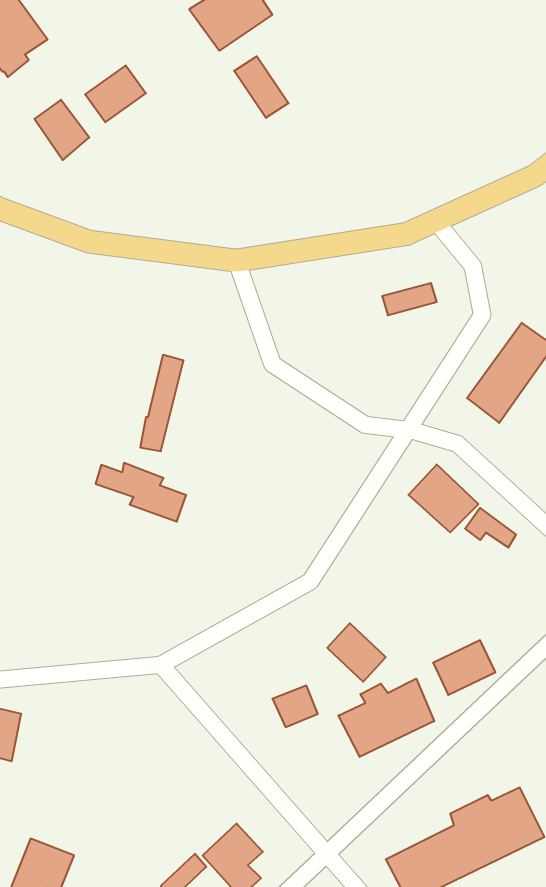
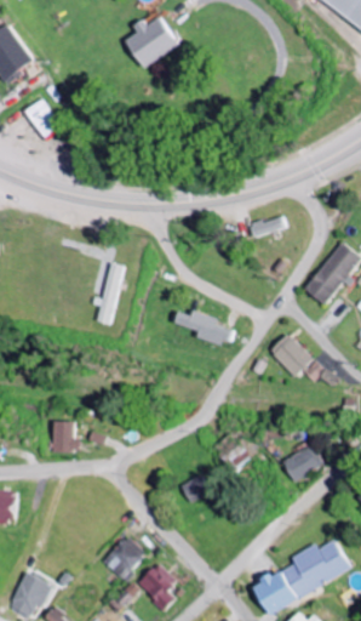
building: [234,56,289,118] -> none
building: [85,65,146,122] -> none
building: [96,463,186,522] -> [171,309,229,347]
building: none -> [52,421,78,451]
building: [338,679,434,757] -> none
building: none -> [102,536,145,580]

